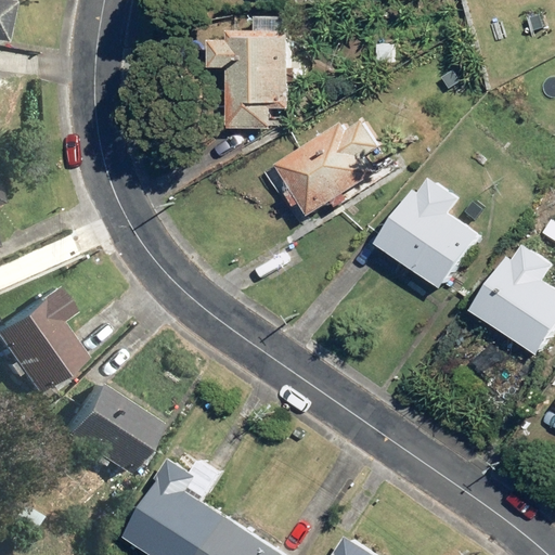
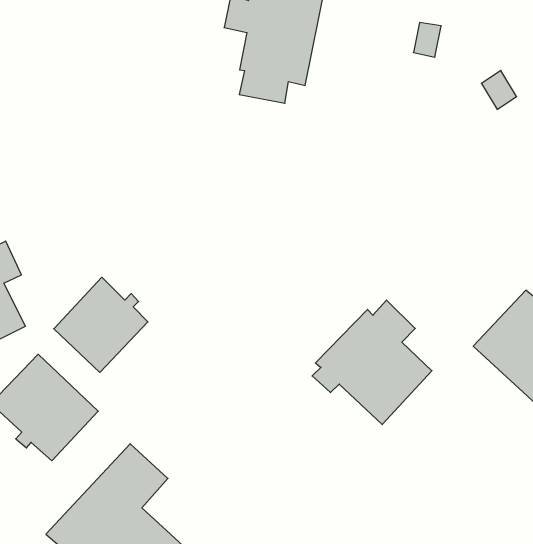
building: [266,118,382,217] -> none
building: [373,179,477,288] -> [312,300,432,425]
building: none -> [54,277,148,372]

